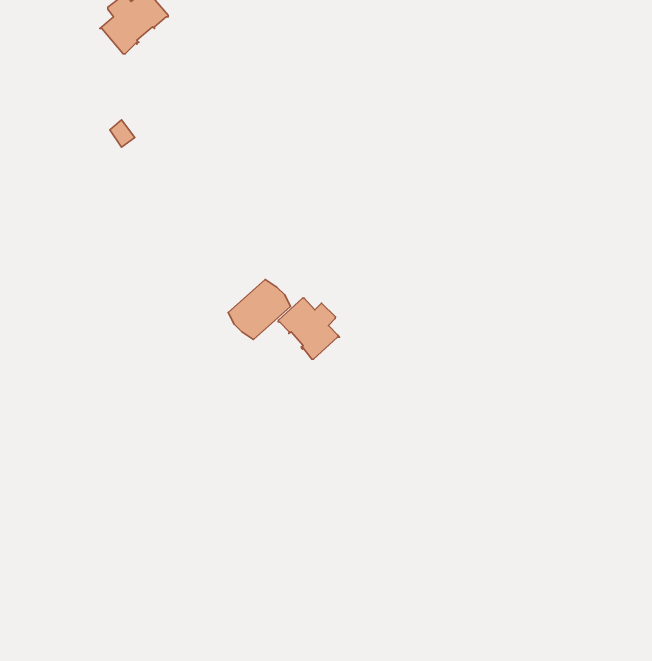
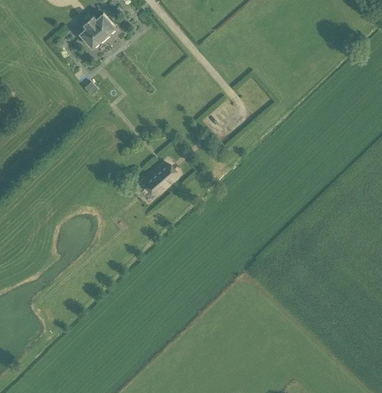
building: [278,298,339,359] -> none

